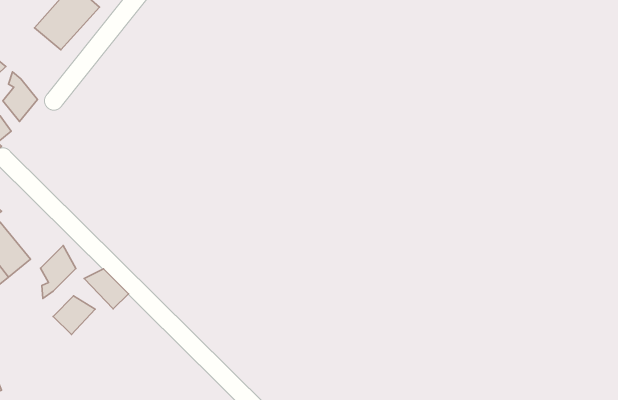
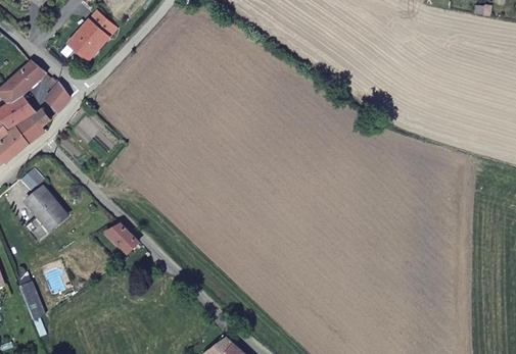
building: [41,246,76,299] -> none
building: [53,296,95,335] -> none

